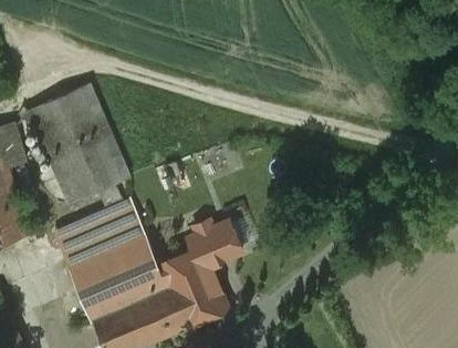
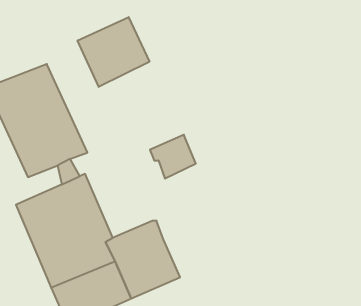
building: none -> [78,17,149,87]
building: [194,222,241,267] -> [150,135,196,178]

